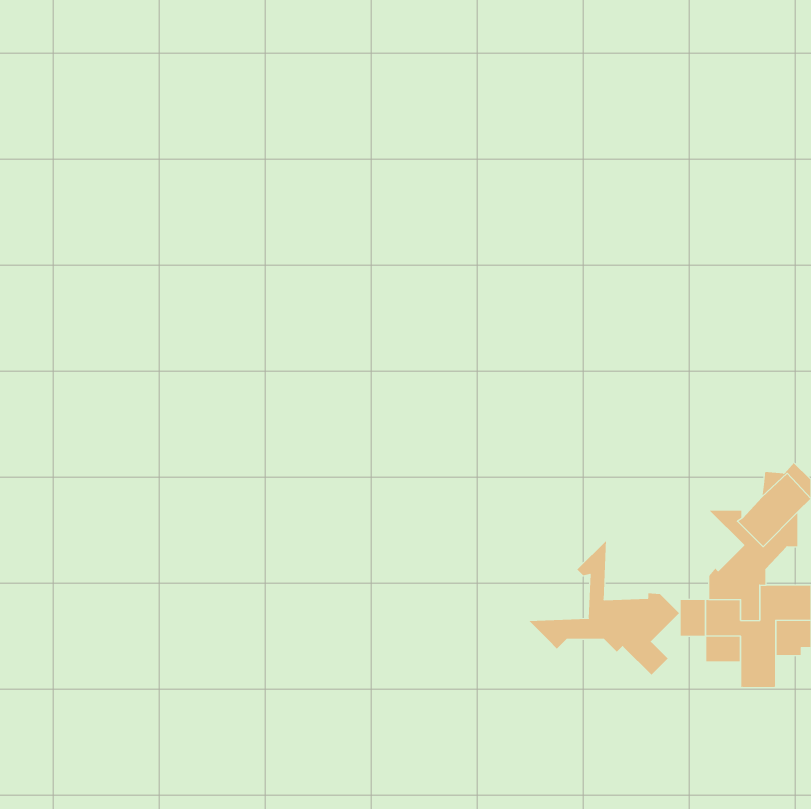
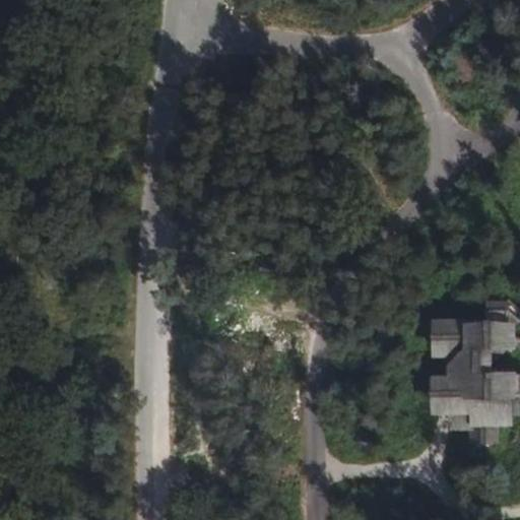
building: none -> [428,319,472,363]
building: [528,540,680,676] -> none

